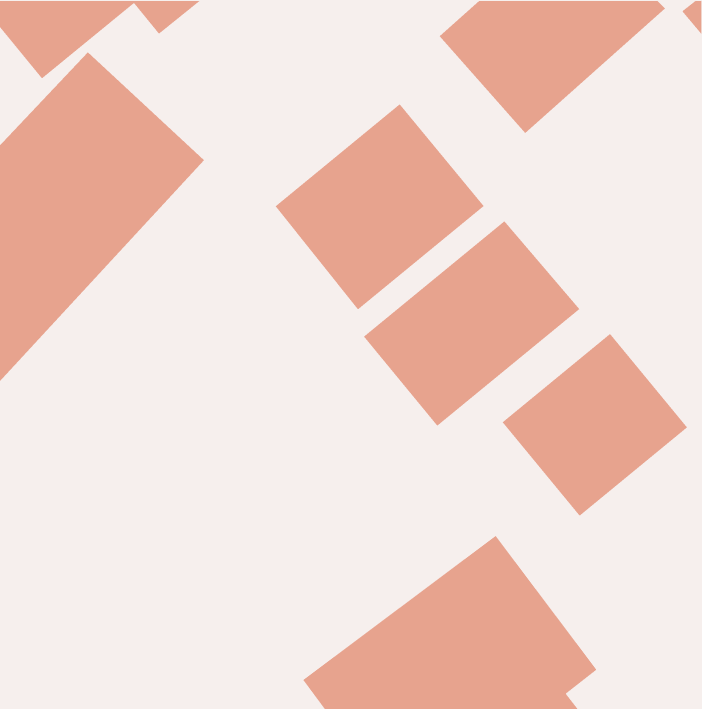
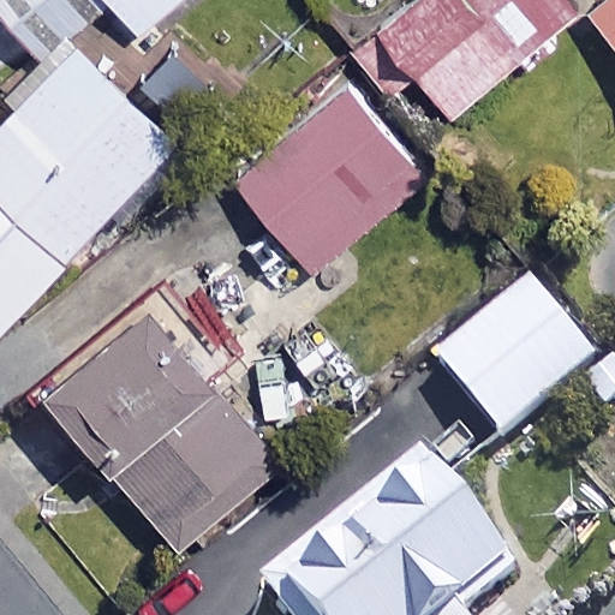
building: [363,220,580,427] -> none
building: none -> [49,309,277,544]

